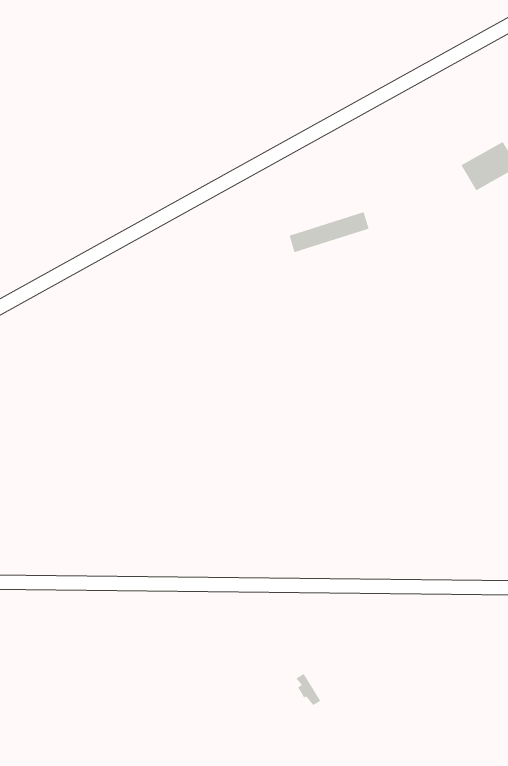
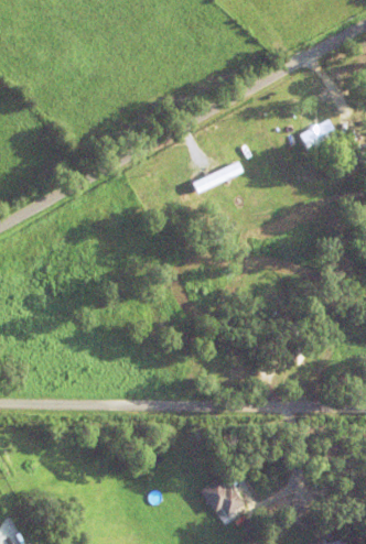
building: none -> [203,479,235,512]

